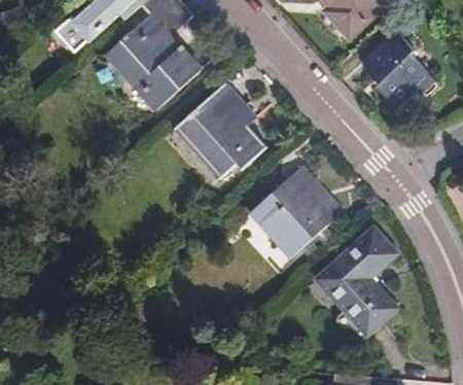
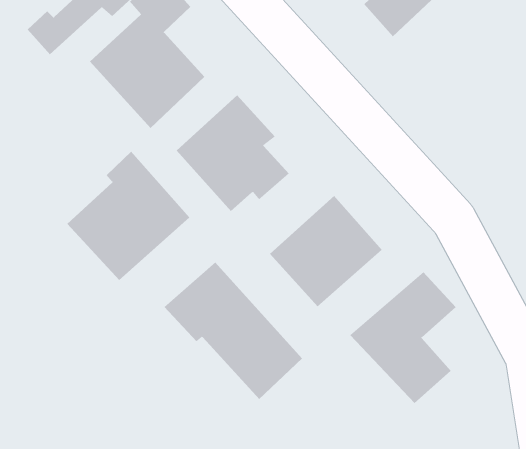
building: [363,33,437,111] -> none
building: none -> [67,151,190,281]
building: none -> [164,262,303,400]

